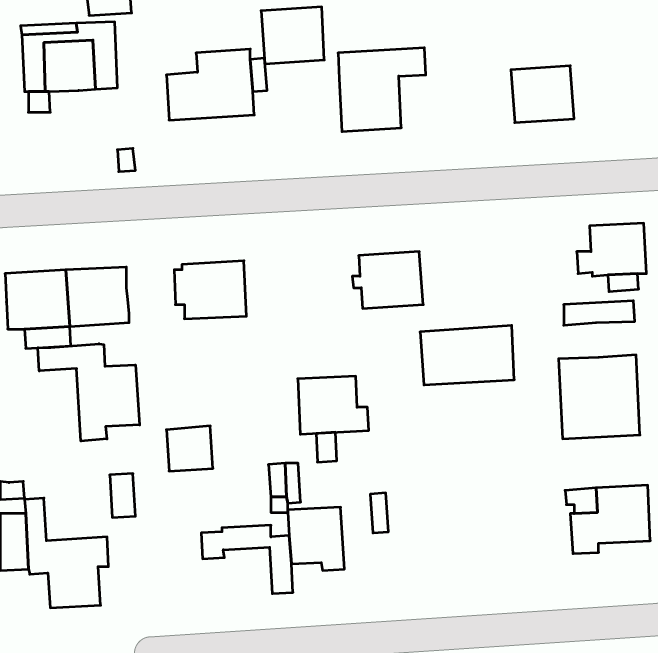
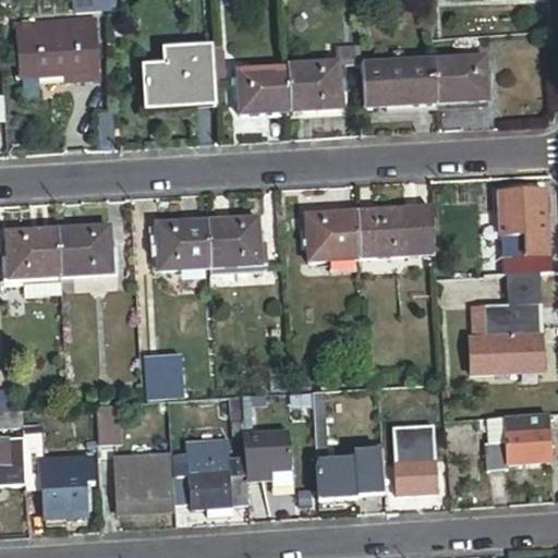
building: [261,7,324,64] -> [236,66,290,114]
building: none -> [361,59,436,108]
building: none -> [505,271,538,302]
building: [420,325,514,385] -> [355,207,435,257]
building: [38,344,140,441] -> none
building: [298,376,369,434] -> [207,218,267,267]
building: none -> [392,436,436,488]
building: none -> [113,450,171,509]
building: none -> [316,454,384,497]
building: none -> [190,462,232,510]

